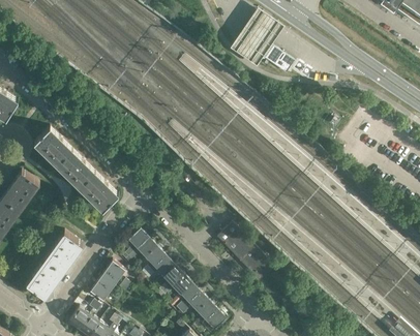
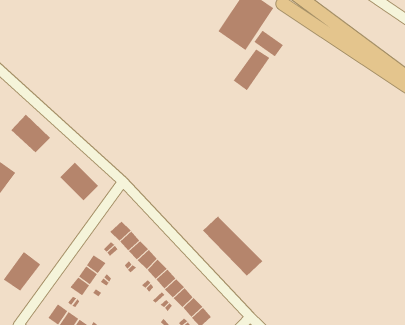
building: none -> [233,48,270,91]
building: [58,151,95,188] -> none
building: [47,233,82,271] -> none

